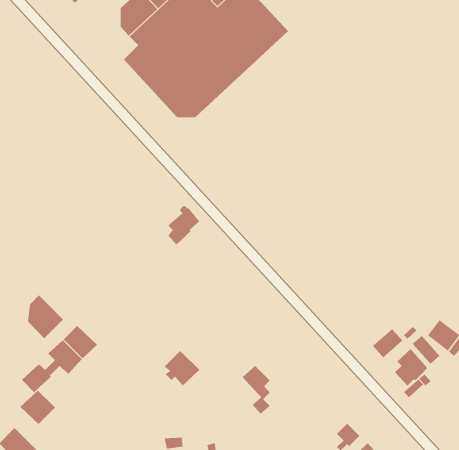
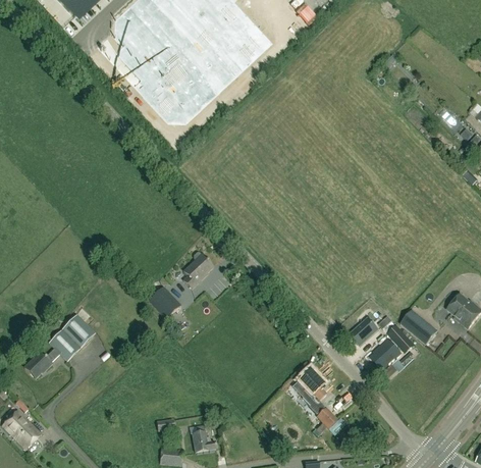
building: [167,206,200,245] -> [182,252,213,289]
building: [27,294,64,339] -> none
building: [164,350,200,386] -> [148,285,181,319]
building: [242,365,270,415] -> [299,368,325,414]
building: [20,390,56,425] -> none

